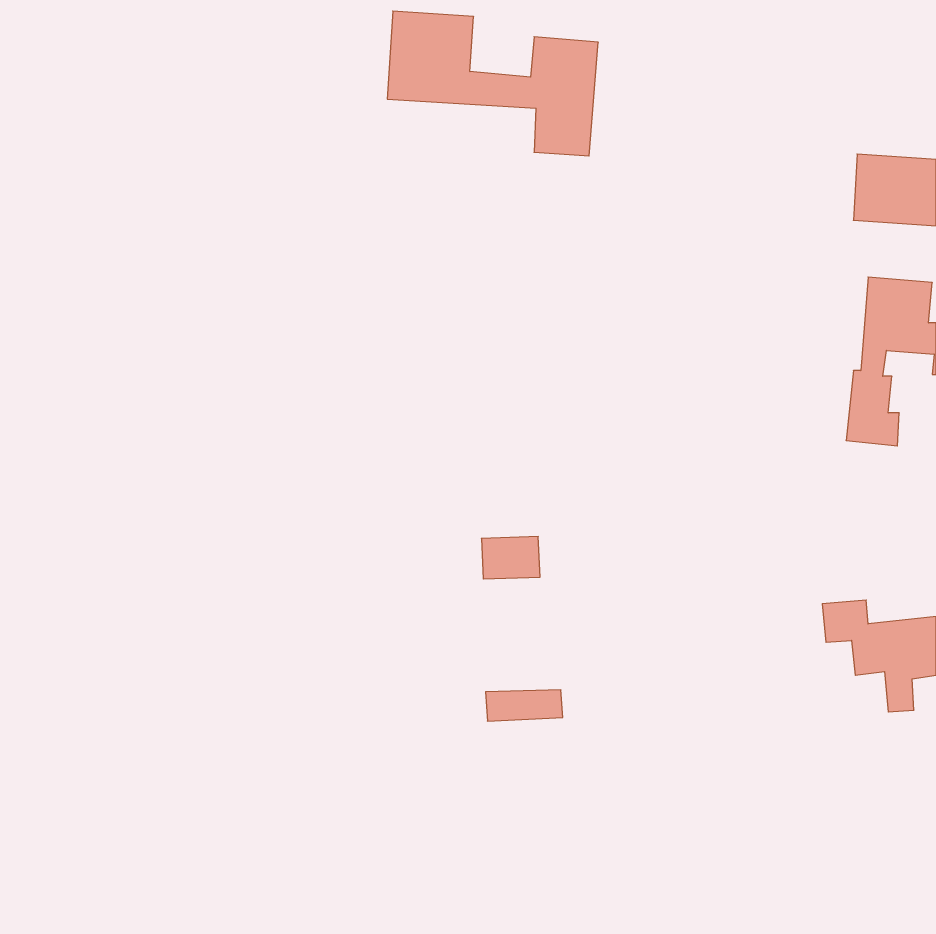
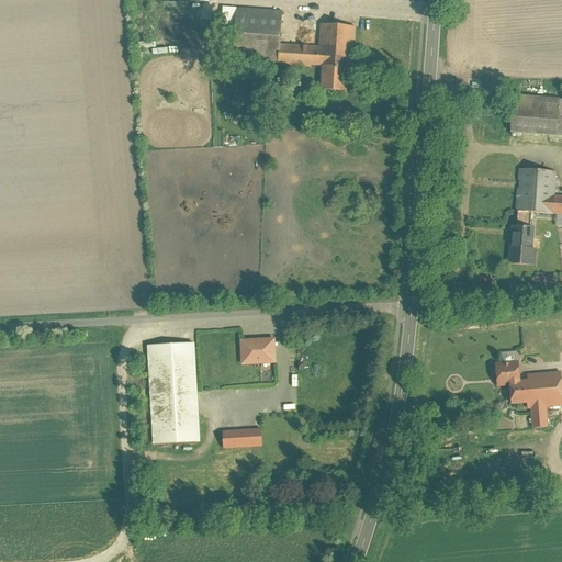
building: [481,537,540,579] -> [240,337,276,362]
building: none -> [146,341,201,443]
building: [486,690,563,721] -> [216,428,262,447]

